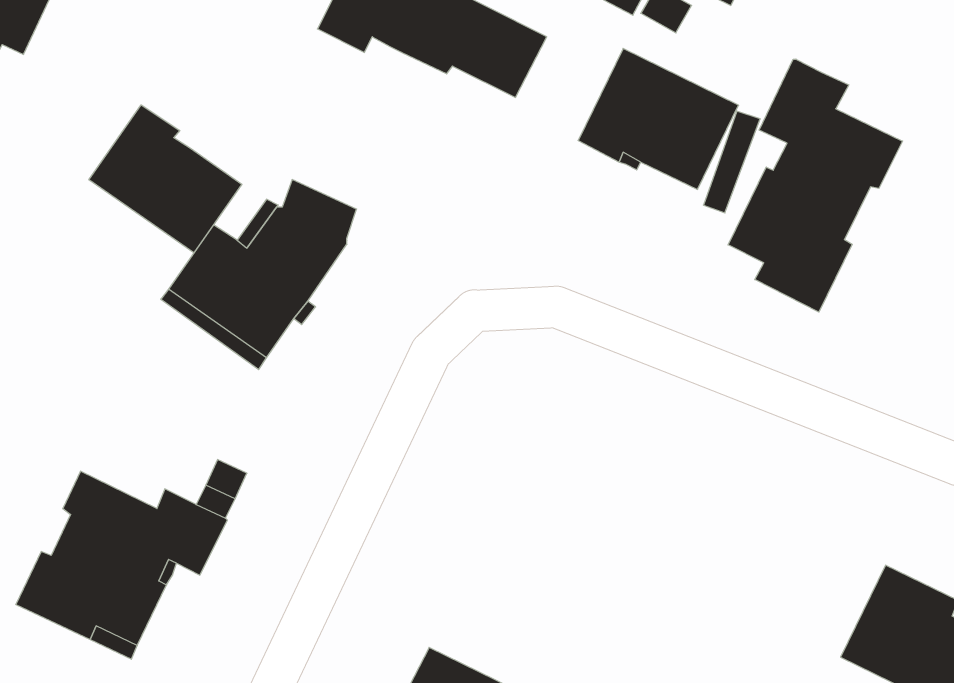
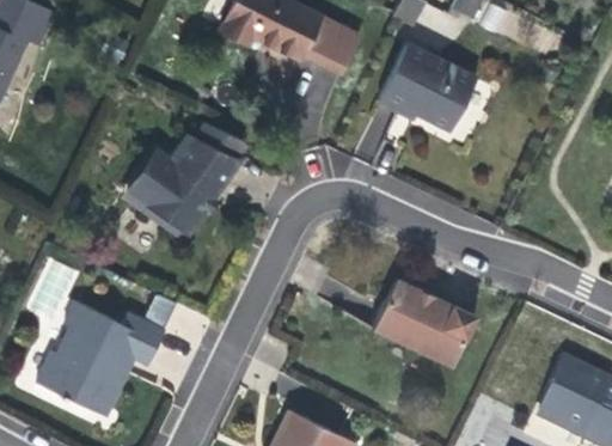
building: [728,59,903,312] -> none
building: [89,105,242,253] -> none
building: none -> [372,277,475,366]

